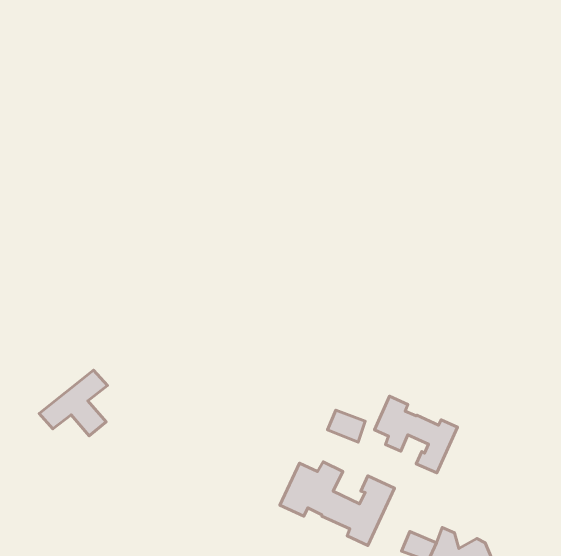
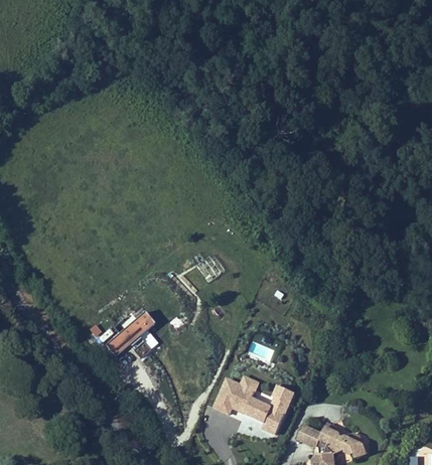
building: [39,370,107,436] -> [105,312,154,359]
building: [374,396,457,473] -> none

